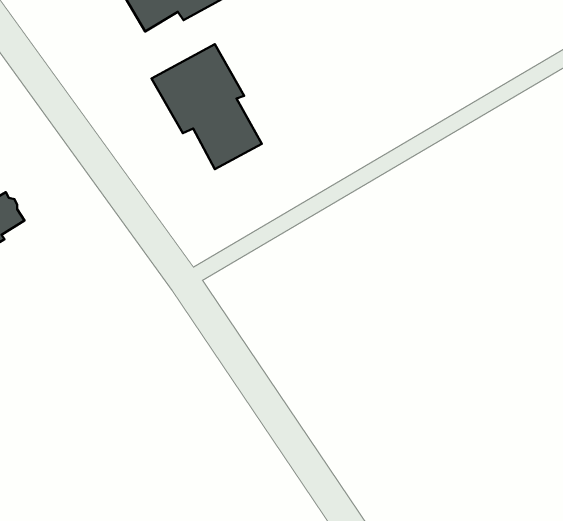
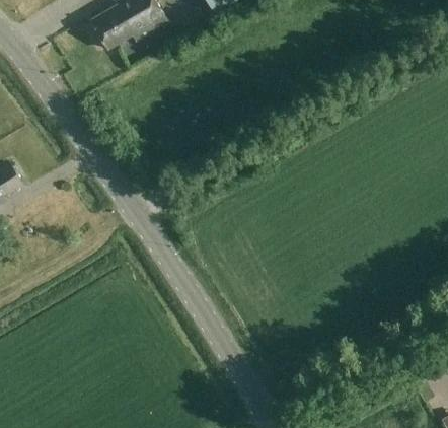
building: [152,44,262,169] -> none

